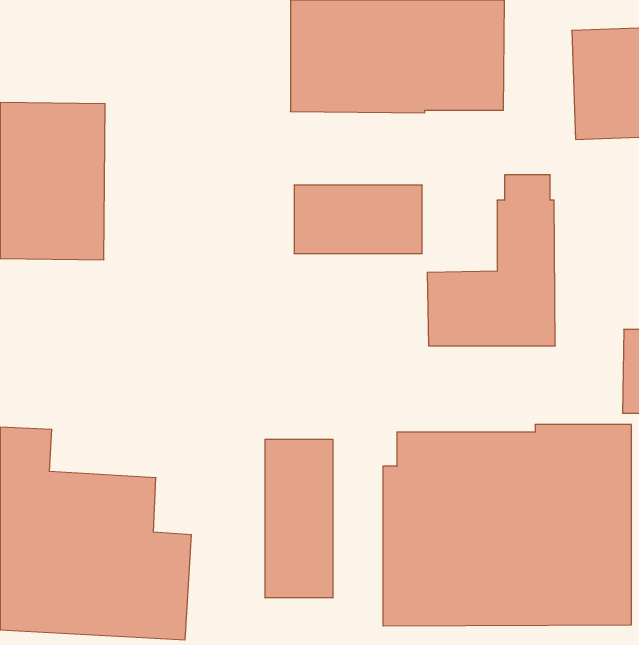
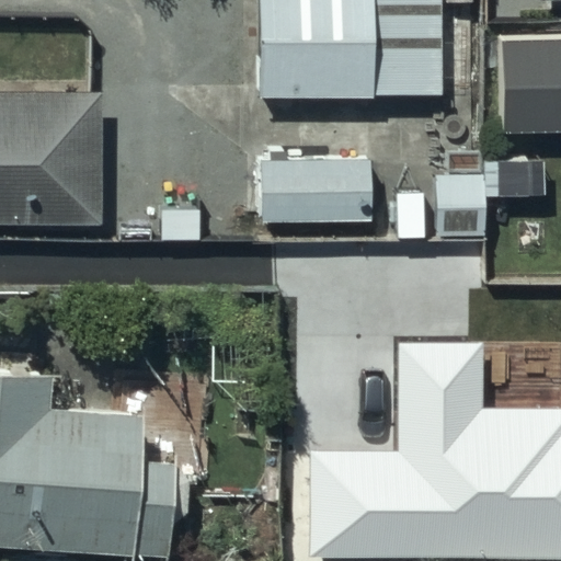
building: [265,439,333,598] -> none

